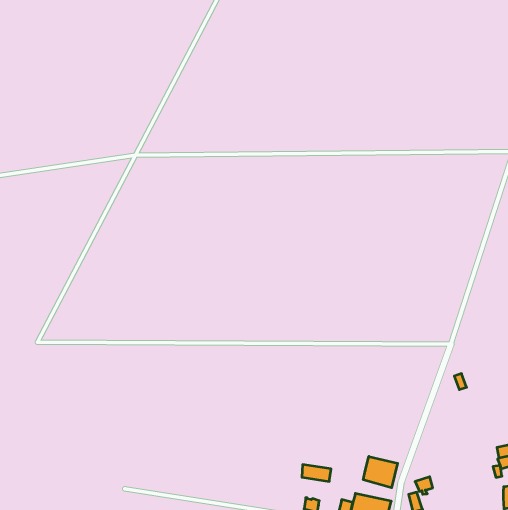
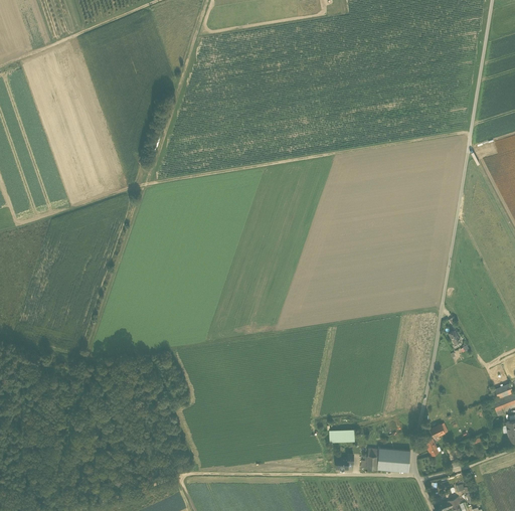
building: [363,456,398,488] -> none

